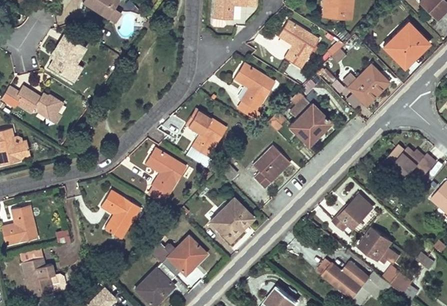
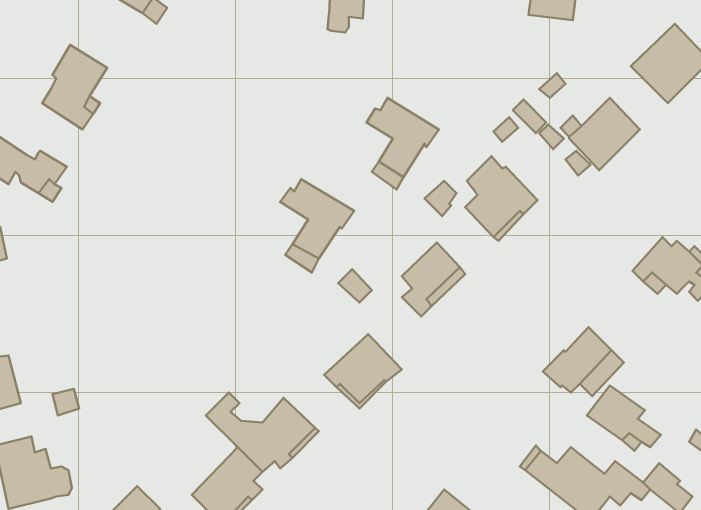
building: [277,22,318,67] -> none
building: [145,149,185,194] -> none
building: [101,189,139,236] -> none

